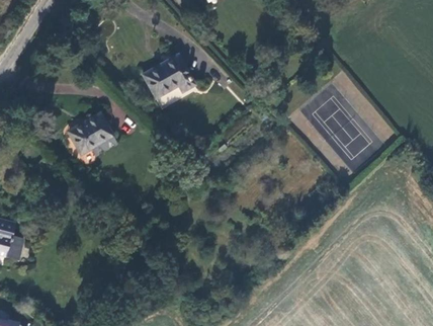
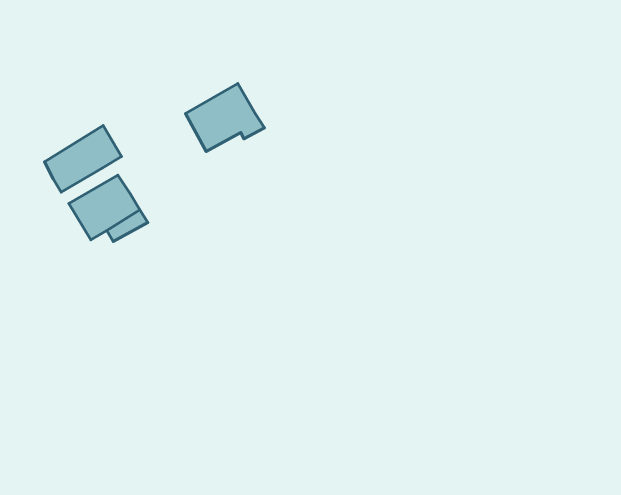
building: none -> [44,126,121,192]

